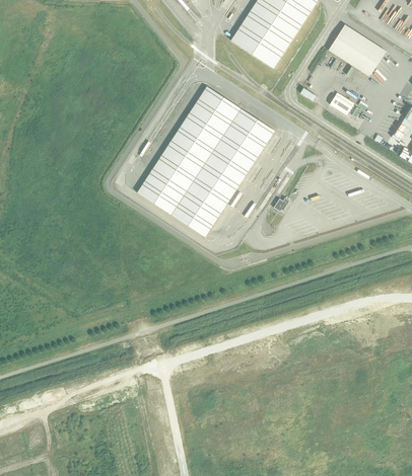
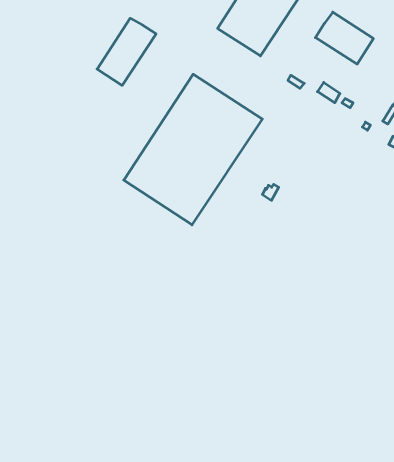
building: none -> [97,18,156,85]

